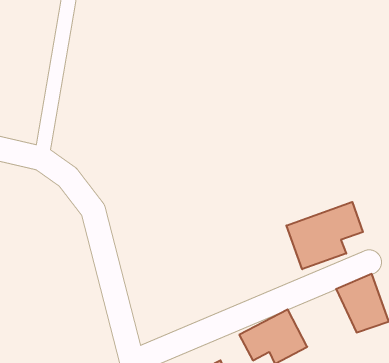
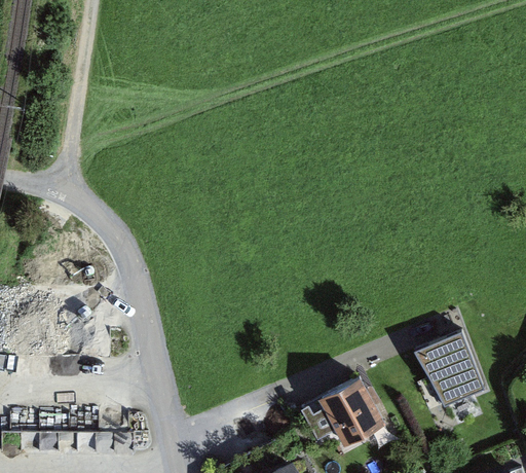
building: [286,202,363,269] -> none

